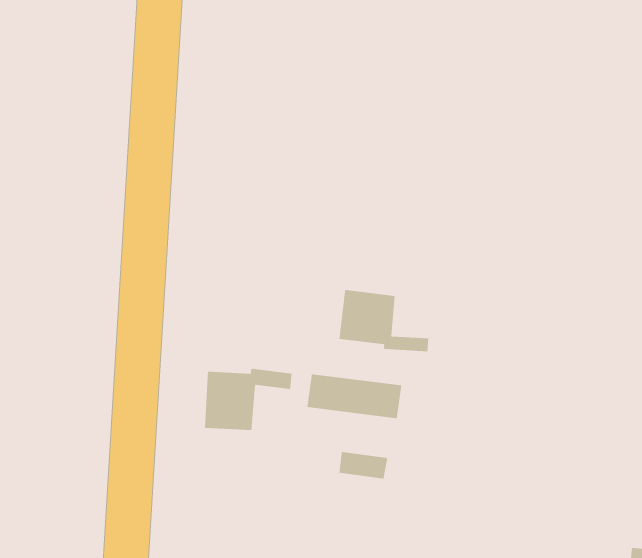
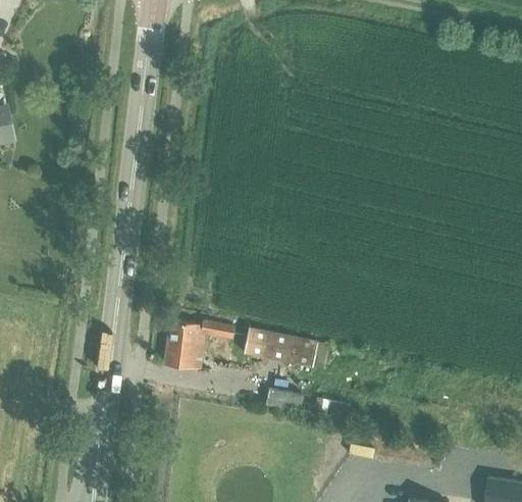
building: [339,289,429,352] -> none

